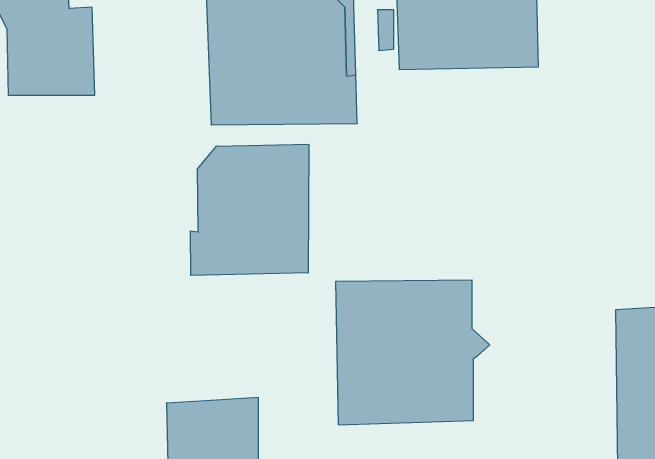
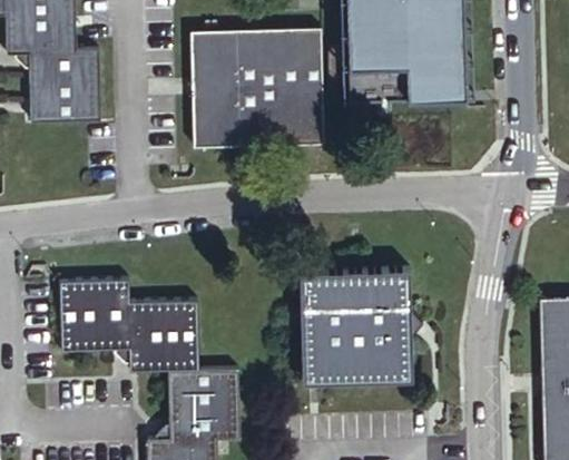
building: [191,144,309,275] -> none
building: none -> [60,277,198,374]

